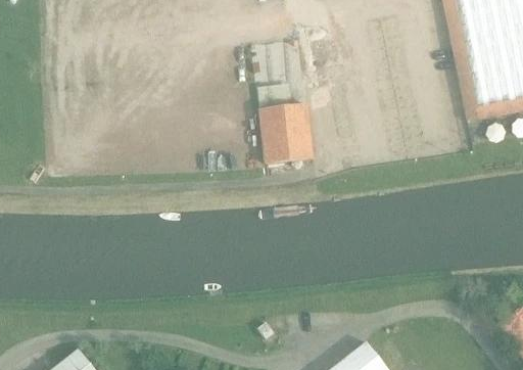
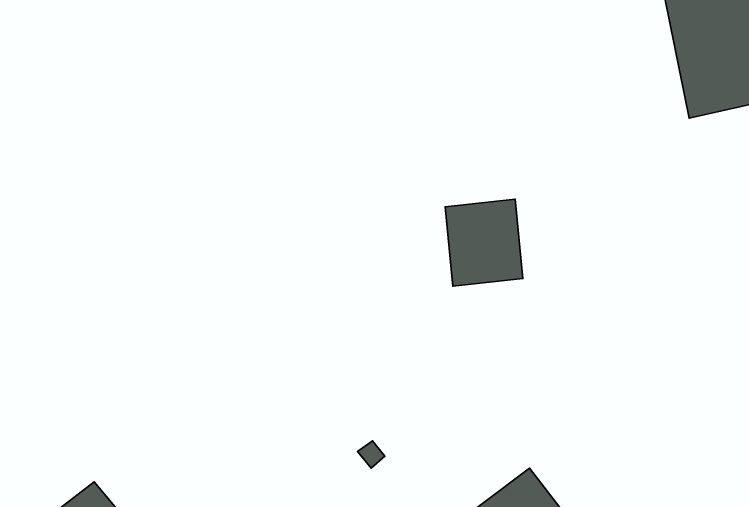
building: [258,106,311,165] -> [445,199,523,286]

